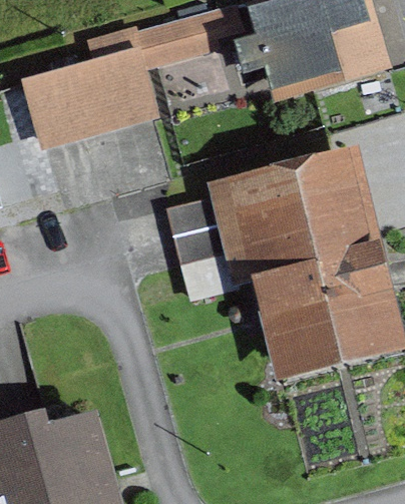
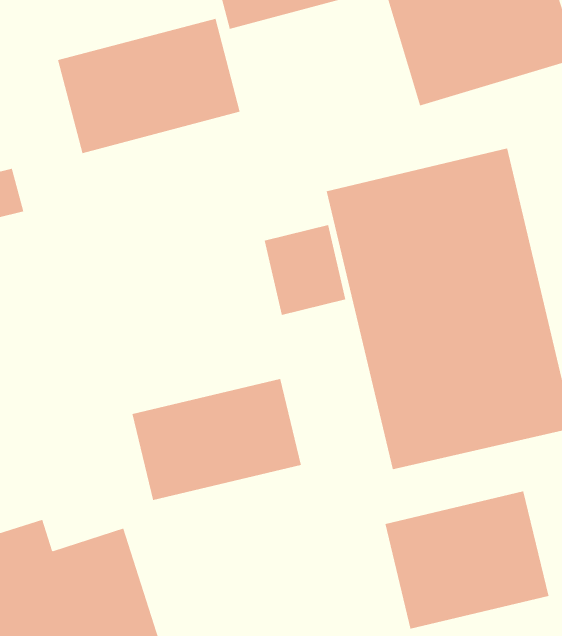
building: none -> [132,378,302,501]
building: none -> [385,490,549,630]

